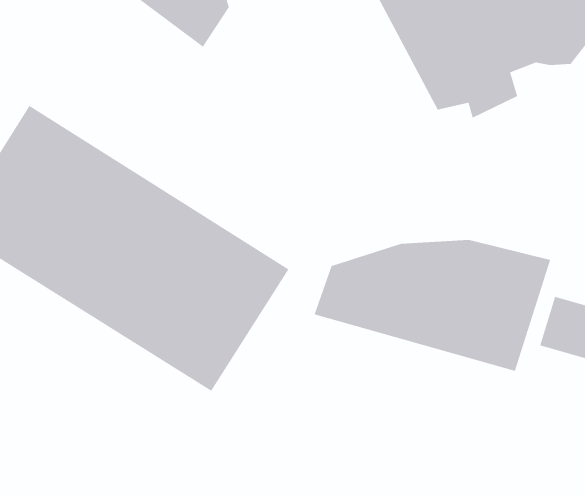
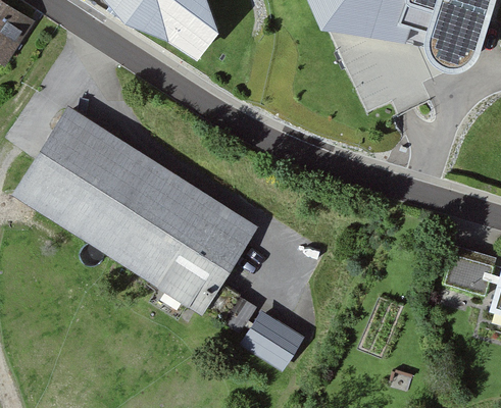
building: [313,239,551,372] -> none
building: none -> [238,312,303,373]

